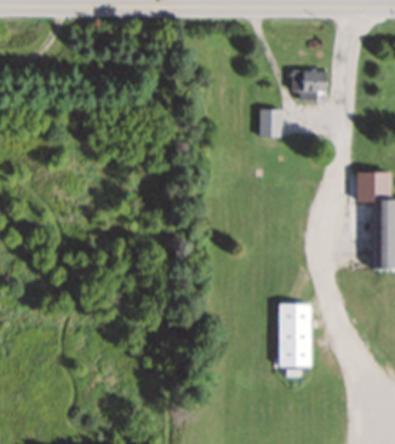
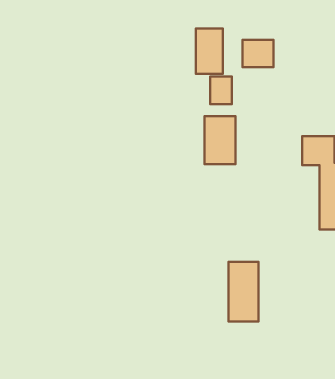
building: none -> [196,28,223,74]
building: none -> [204,116,235,164]

